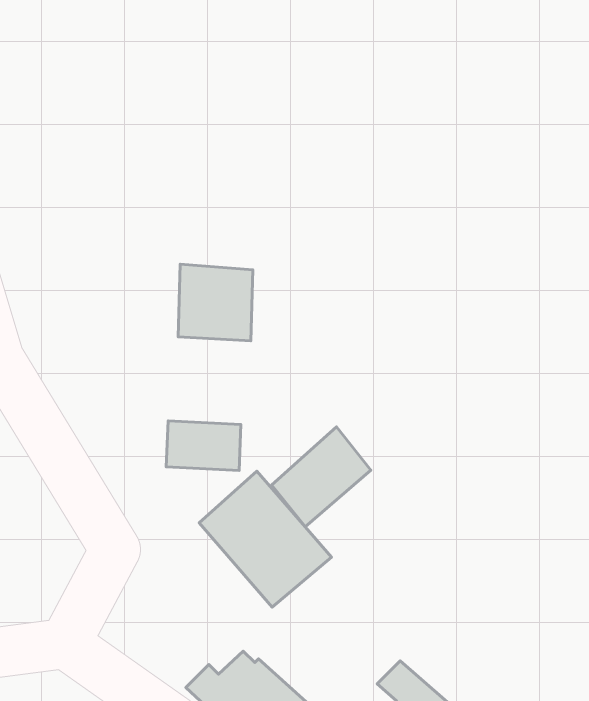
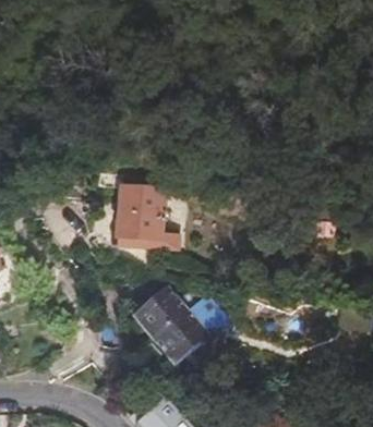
building: [166,421,241,471] -> [120,212,163,241]
building: [272,427,371,527] -> none

